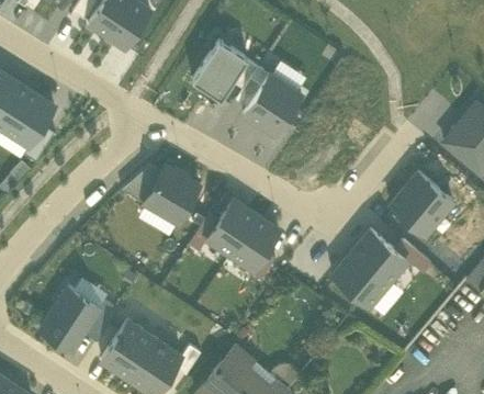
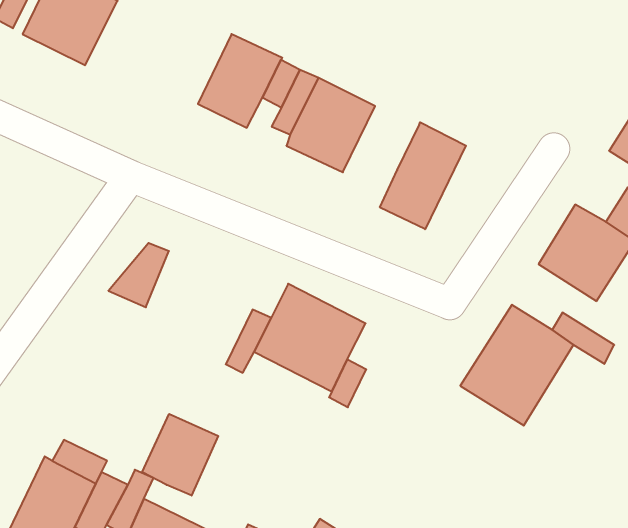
building: none -> [380,122,466,229]
building: [144,166,200,223] -> none
building: none -> [142,414,218,496]

